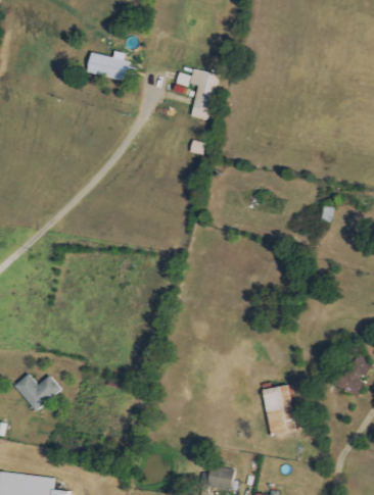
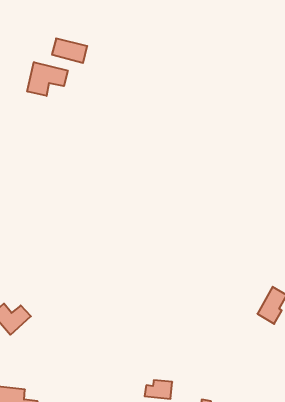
building: [189,67,218,119] -> none
building: none -> [27,62,68,96]
building: [262,384,297,436] -> none

